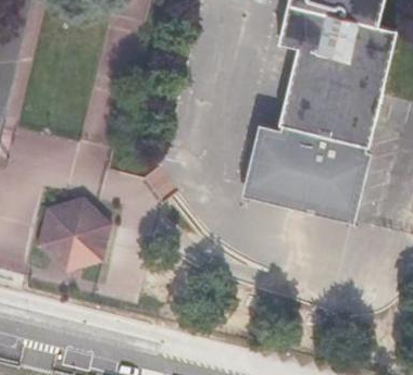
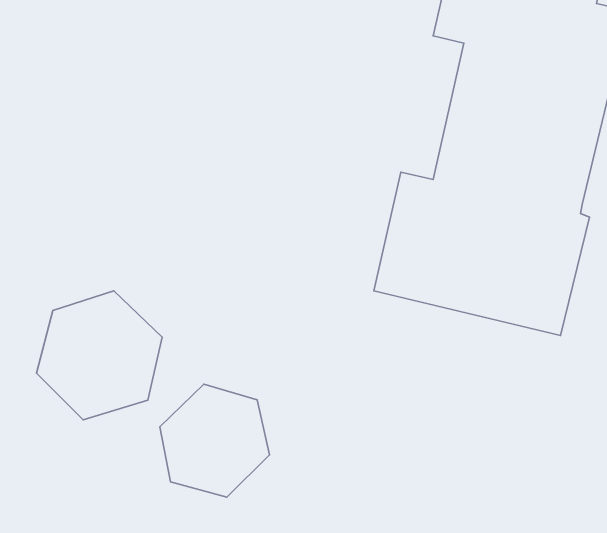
building: none -> [160,384,269,497]

